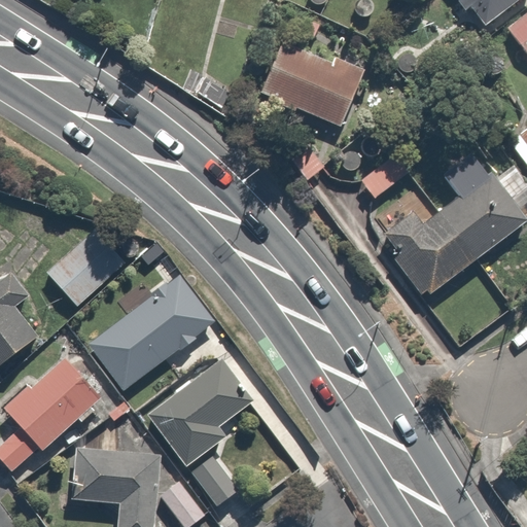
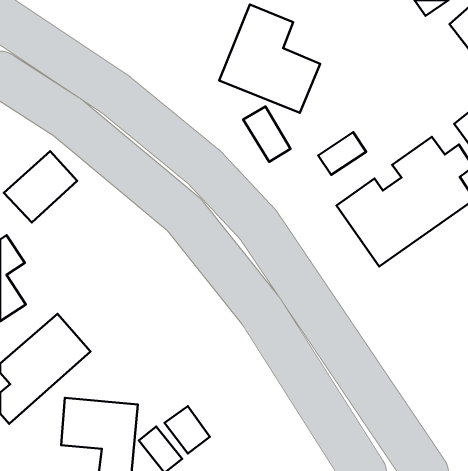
building: [46,230,128,309] -> [4,151,77,222]
building: [90,277,211,387] -> none
building: [146,361,251,468] -> none

